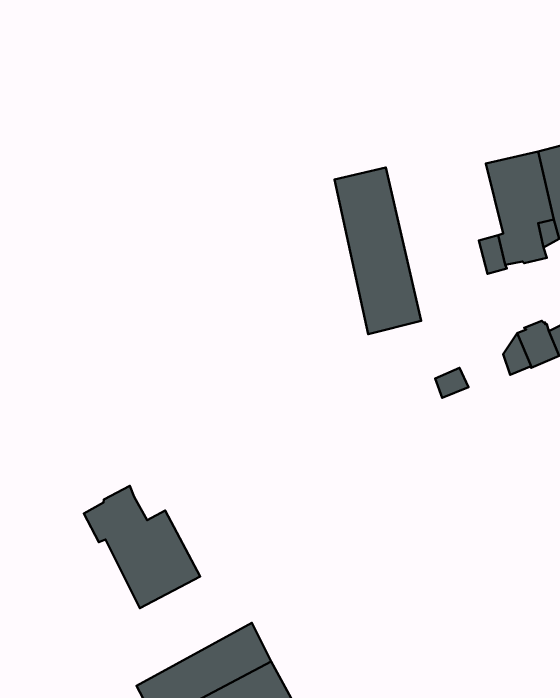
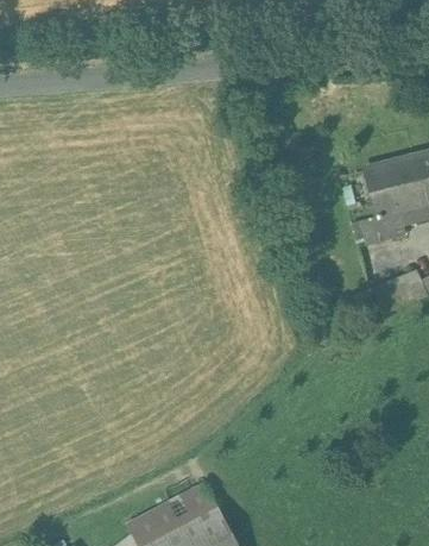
building: [335,167,421,334] -> none
building: [84,486,200,608] -> none

